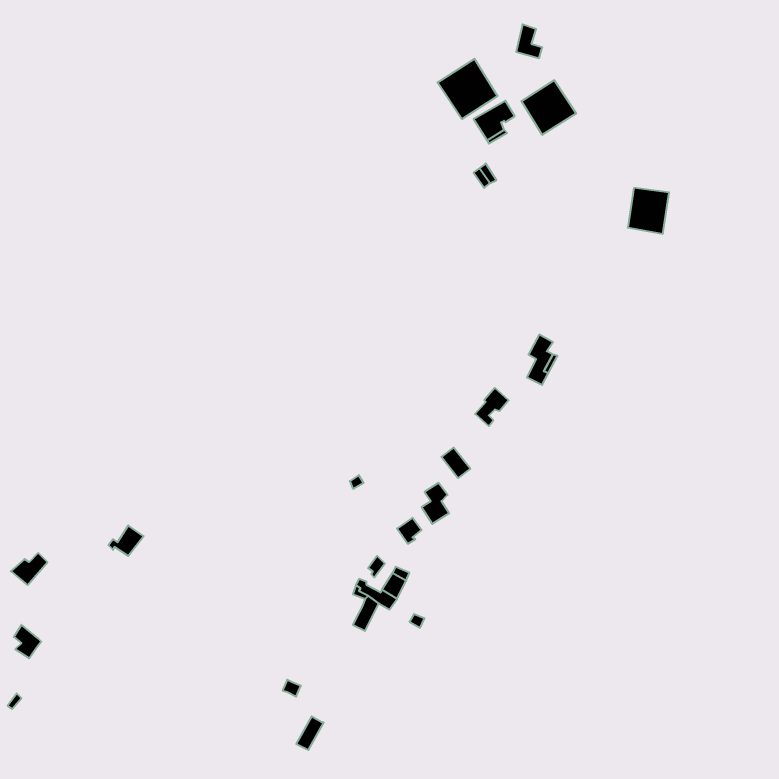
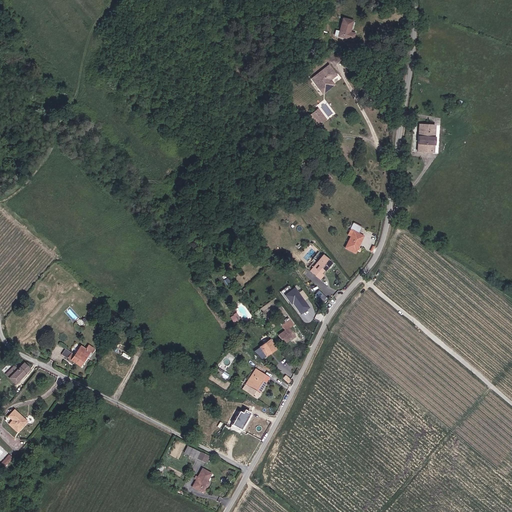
building: [437,59,497,119] -> none
building: [521,80,576,135] -> none

